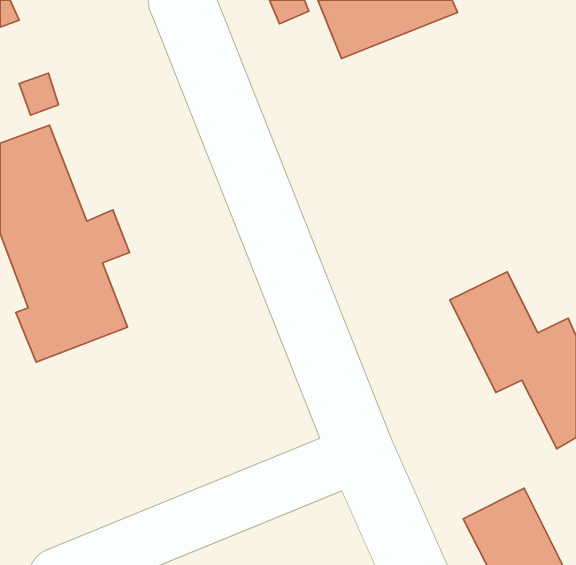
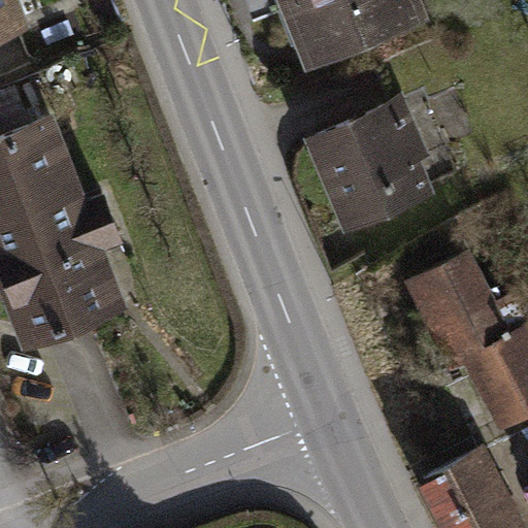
building: none -> [315,111,451,225]

